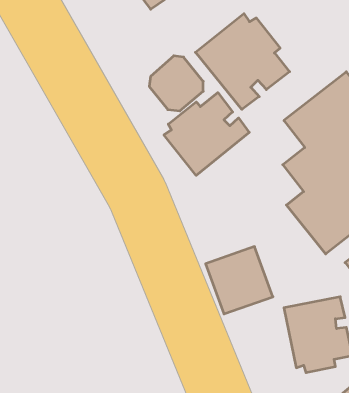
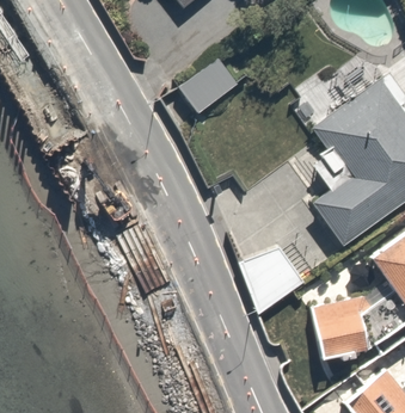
building: [195,14,290,109] -> none
building: [164,93,249,175] -> none

